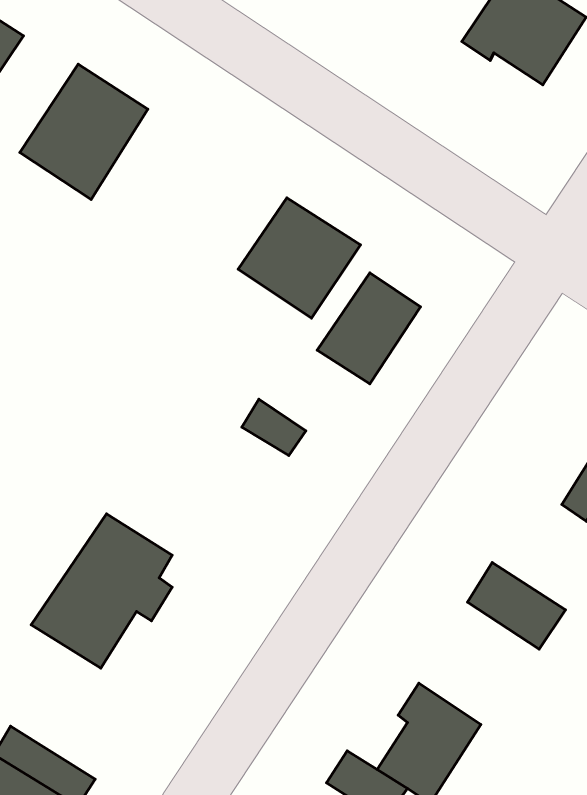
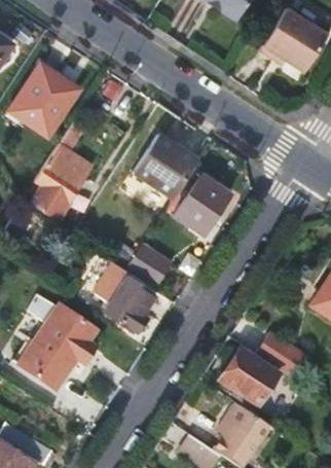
building: none -> [34,122,95,220]
building: none -> [95,262,156,333]
building: none -> [221,347,279,403]

